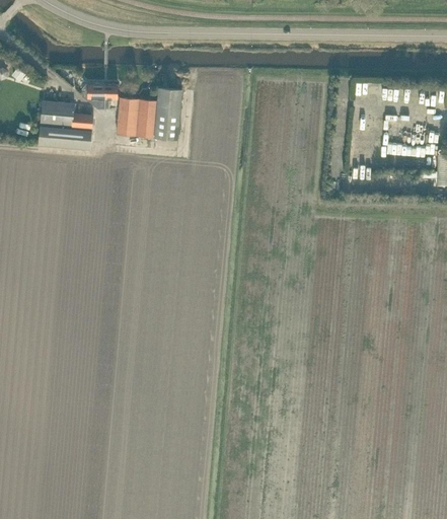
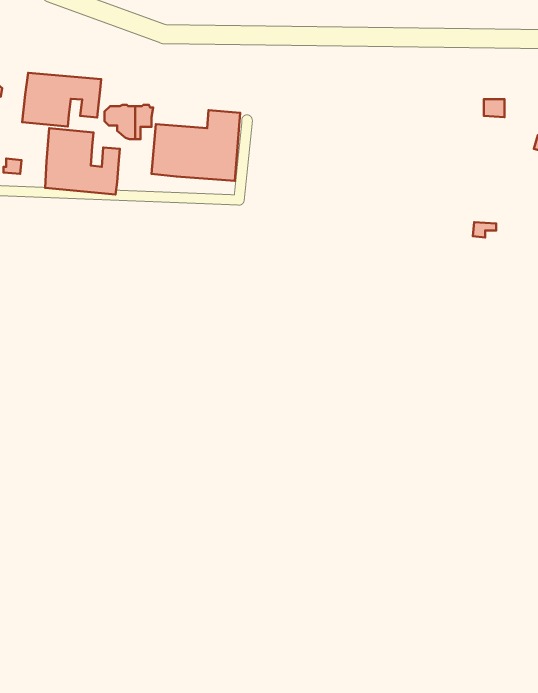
building: none -> [22,73,101,127]

